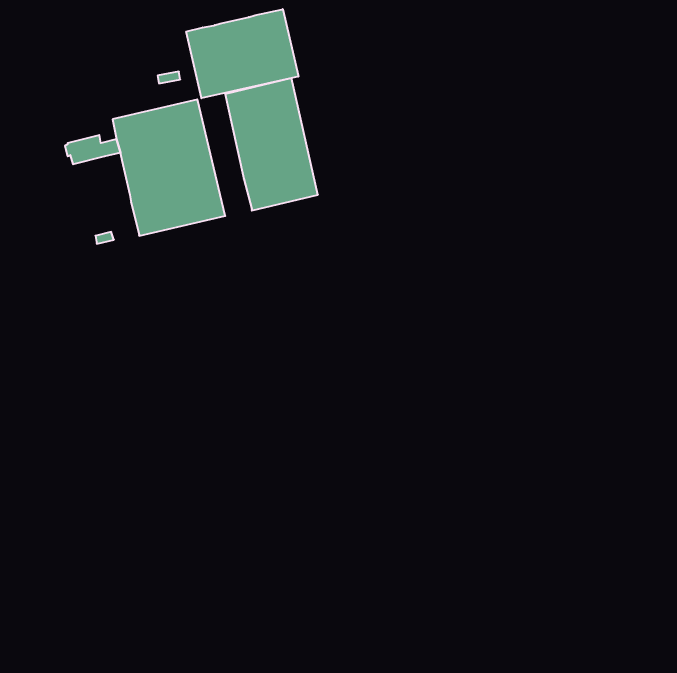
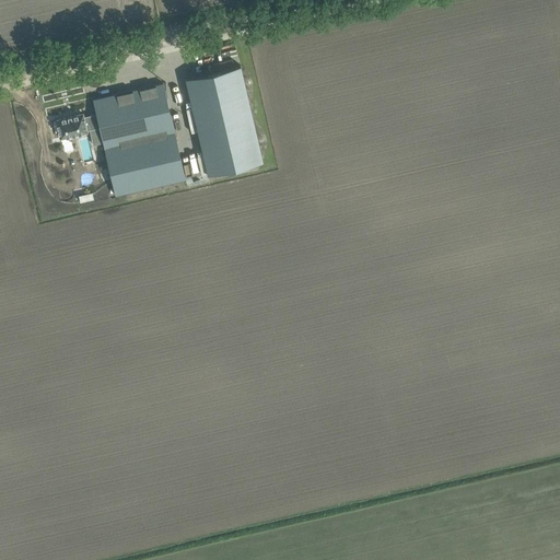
building: [186,9,298,98] -> none

